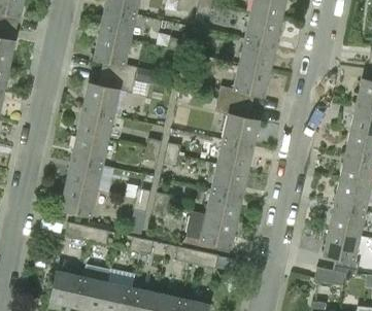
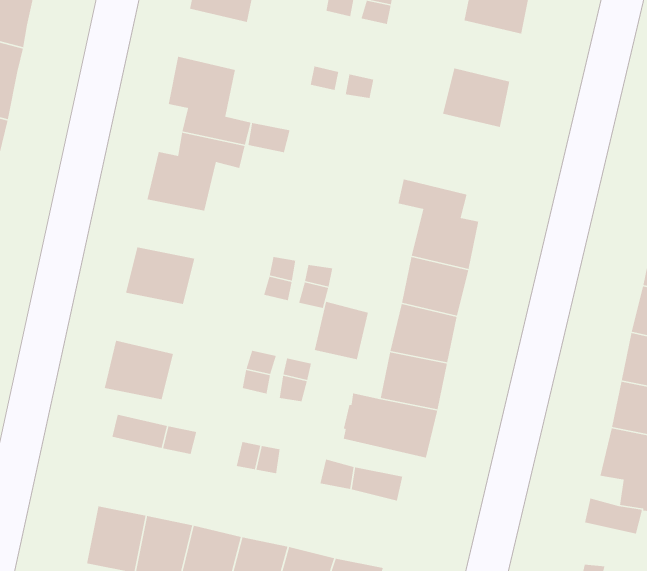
building: [99,8,136,40] -> none
building: [245,14,281,46] -> none
building: [218,64,270,106] -> none
building: [77,109,113,140] -> none
building: [66,159,102,191] -> none
building: none -> [314,301,369,360]

